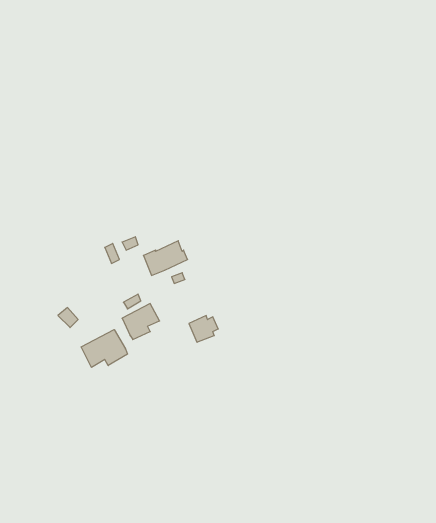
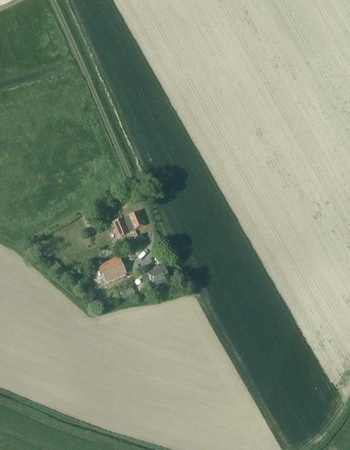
building: [81,330,128,367] -> none

